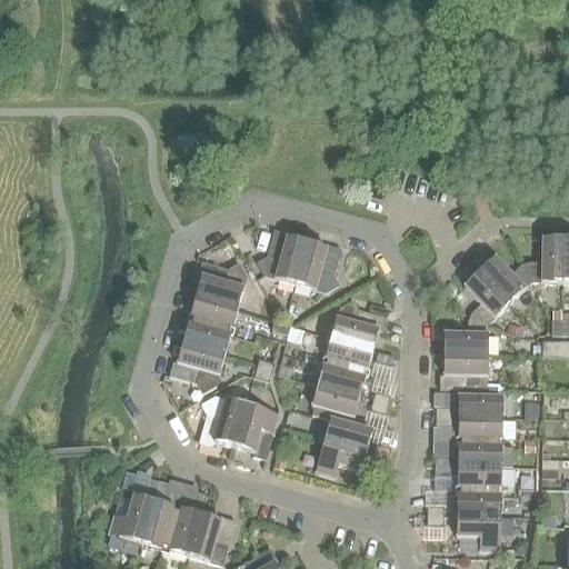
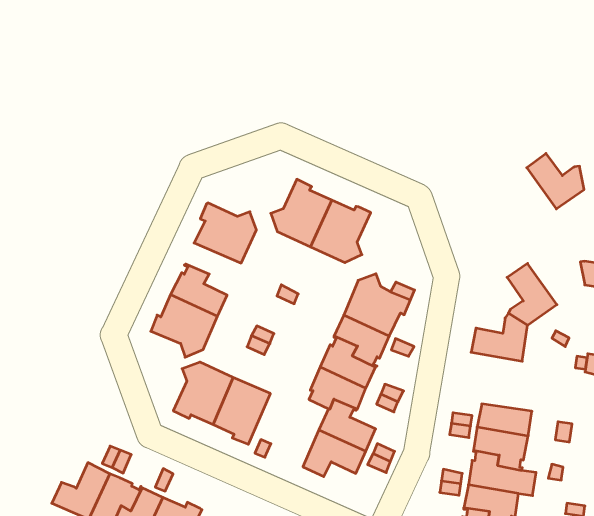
building: [480,254,531,300] -> [527,153,584,209]
building: [191,293,238,333] -> none
building: [439,351,488,387] -> none

